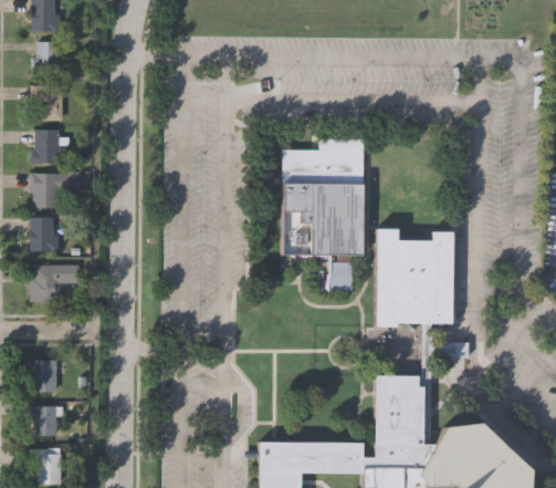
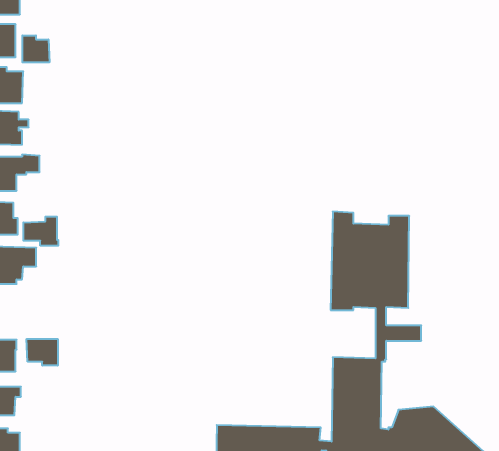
building: none -> [22,35,49,62]
building: [282,136,363,289] -> none
building: none -> [23,217,58,246]
building: none -> [27,339,58,366]

